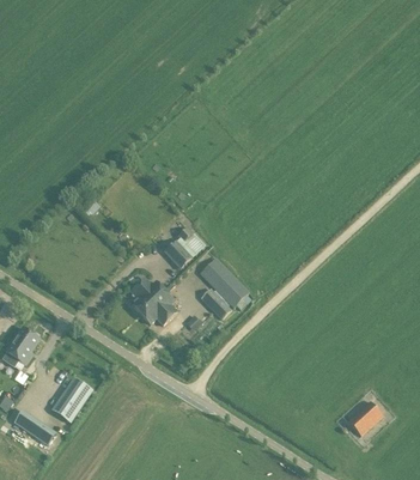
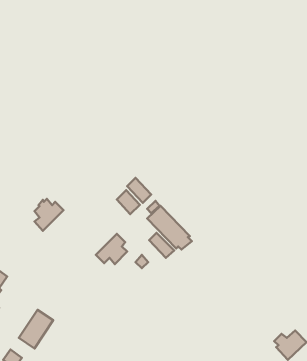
building: [130,277,164,314] -> [34,199,64,231]

